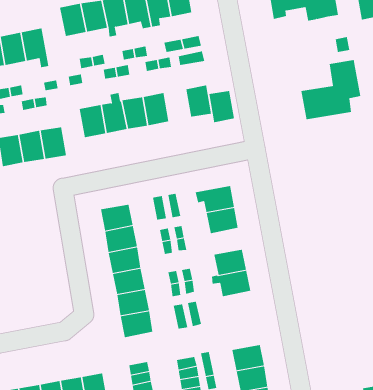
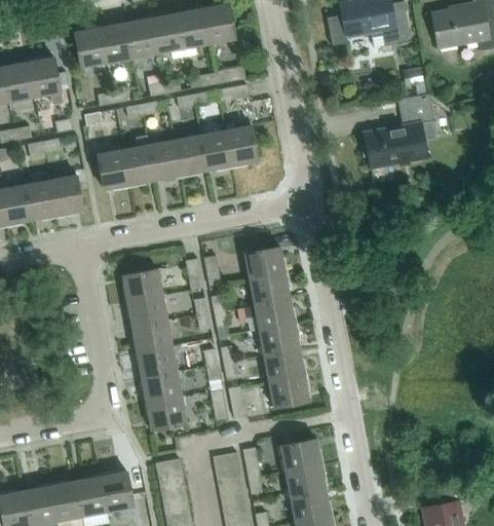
building: [208,90,235,123] -> [200,130,232,170]
building: none -> [243,298,295,330]
building: none -> [264,374,309,408]

